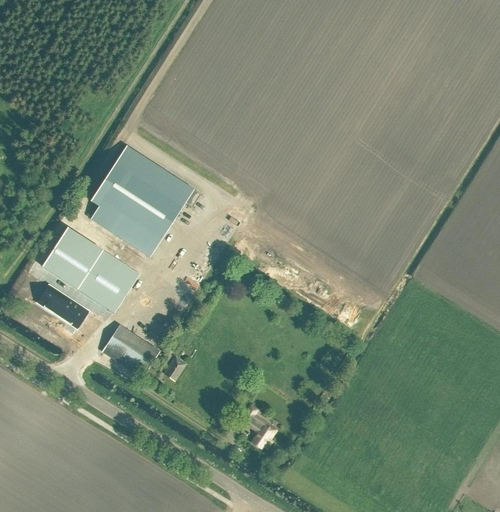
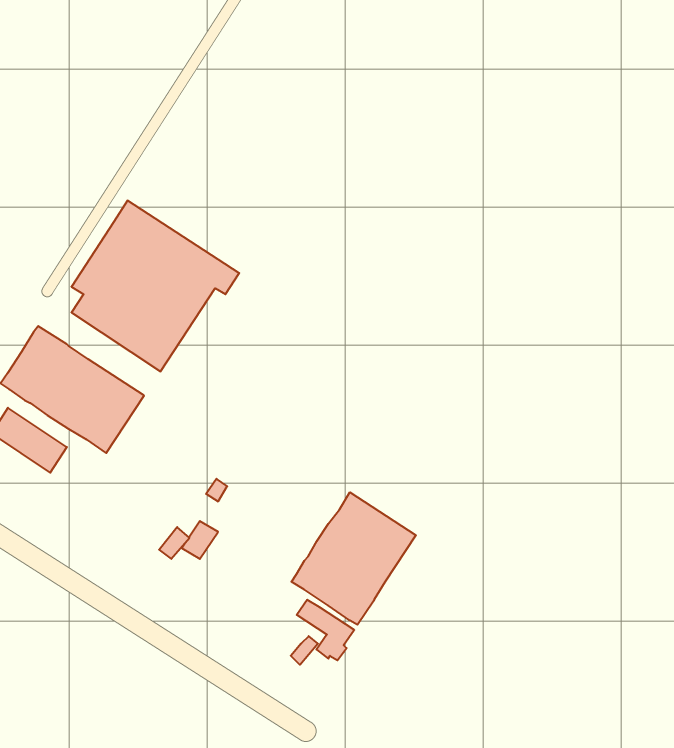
building: [100,324,159,379] -> none
building: none -> [291,492,416,625]

